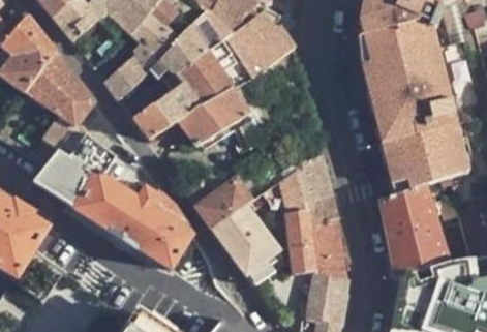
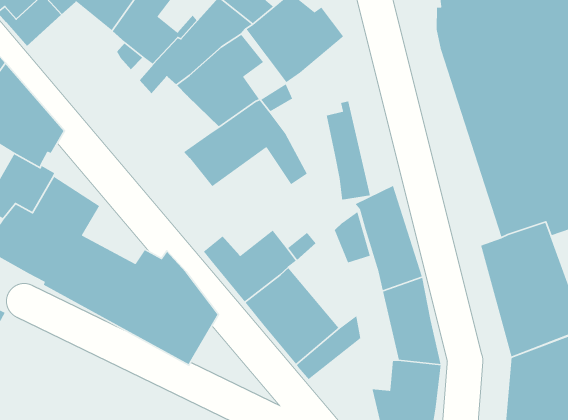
building: [105,57,145,99] -> none
building: [133,83,203,139] -> none
building: [286,205,314,274] -> [326,101,371,200]

